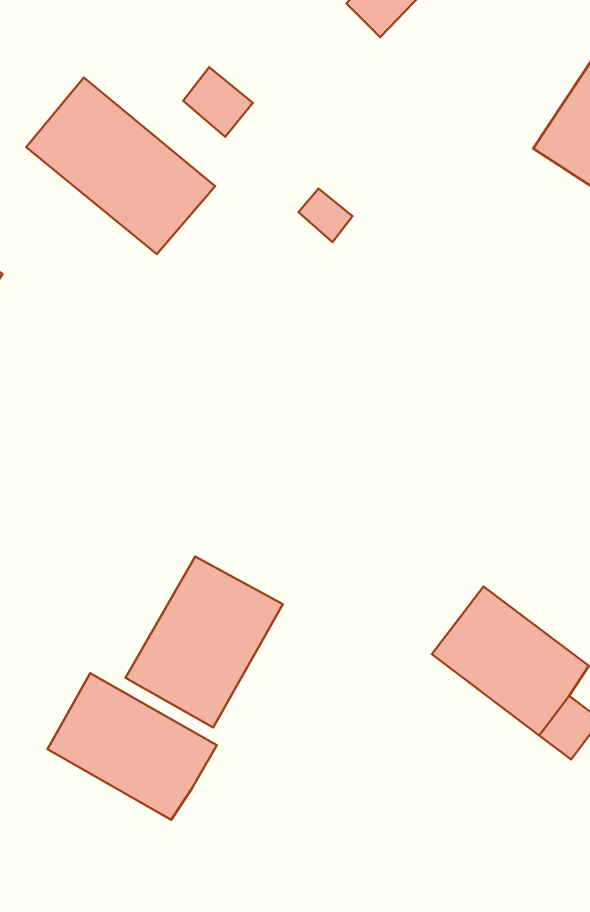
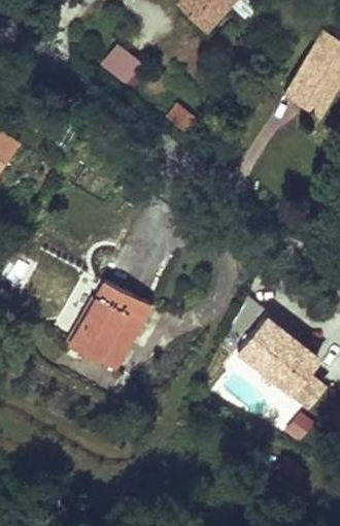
building: [26,77,215,254] -> none
building: [48,673,217,820] -> none

